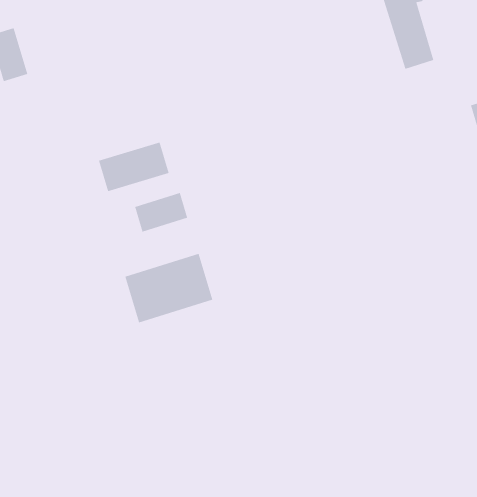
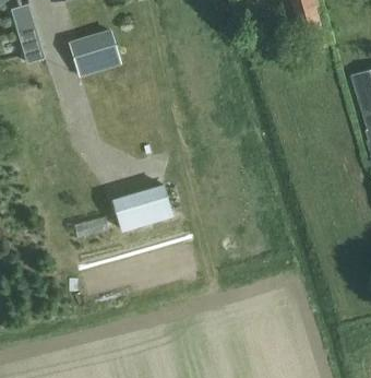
building: [98,142,170,192] -> [70,39,120,74]
building: [134,192,188,233] -> none

